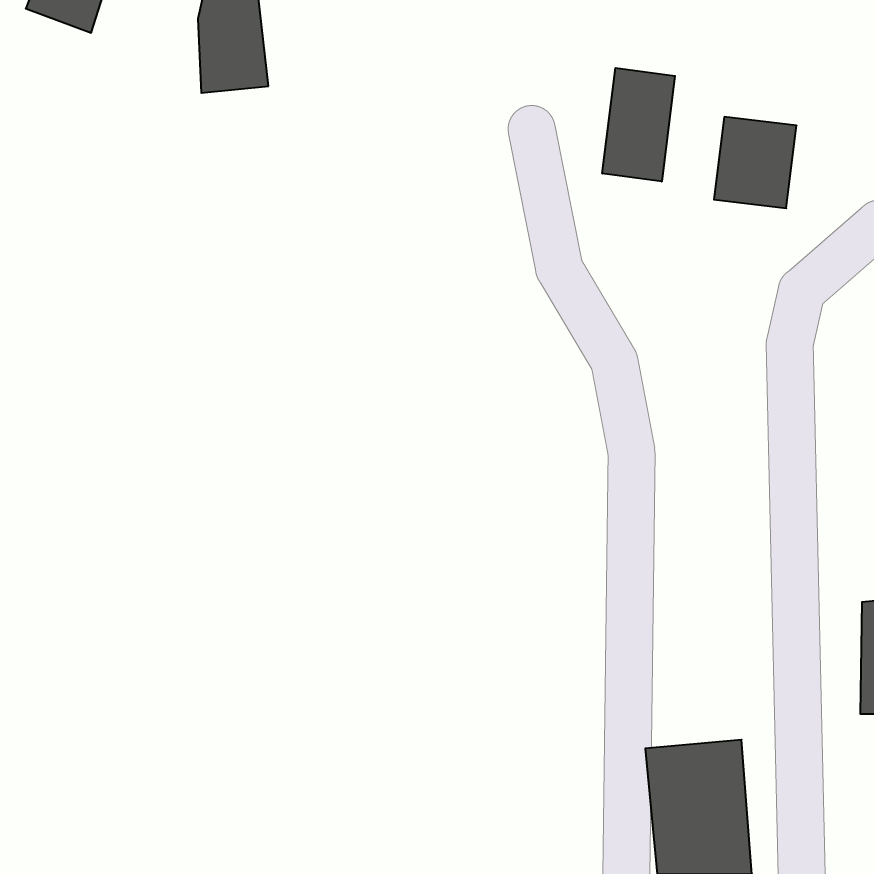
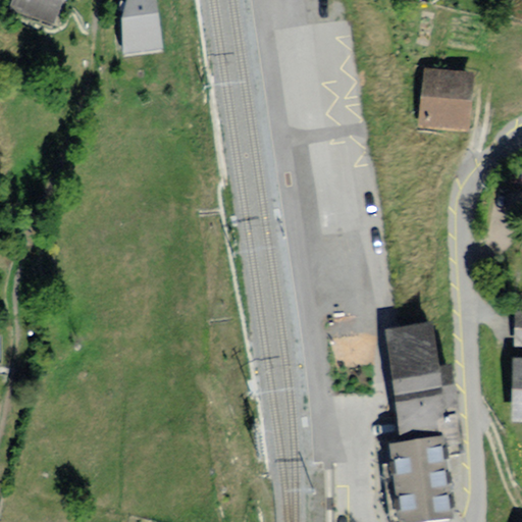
building: [602,68,675,182] -> none
building: none -> [383,322,455,435]

